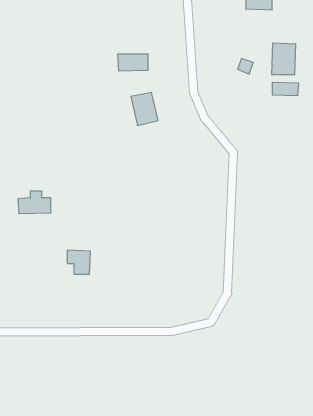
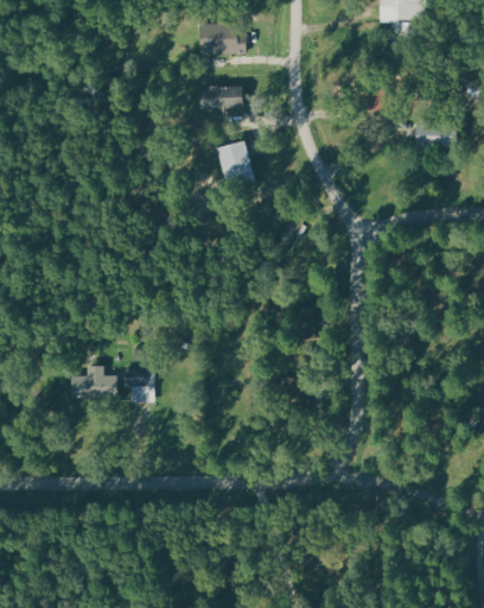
building: none -> [198,24,246,56]
building: [272,43,296,75] -> none
building: [18,191,51,214] -> [70,366,117,398]

